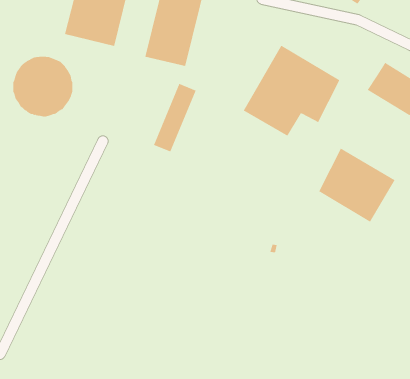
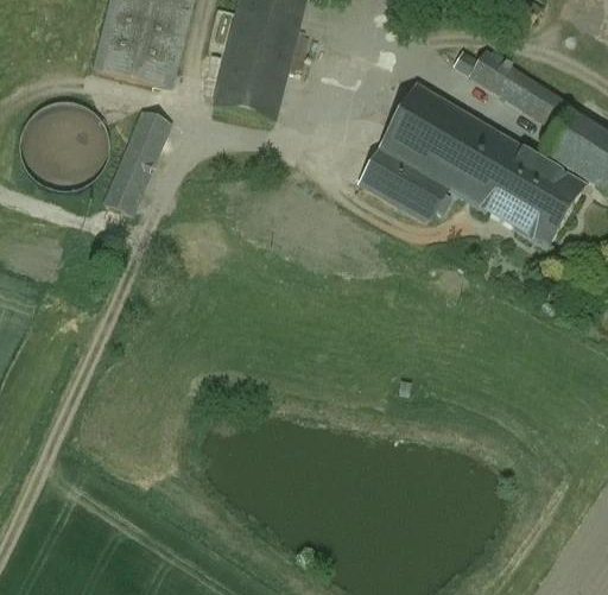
building: none -> [470,49,574,128]
building: [153,83,197,152] -> [106,109,170,211]
building: [318,148,395,223] -> [470,135,584,246]

